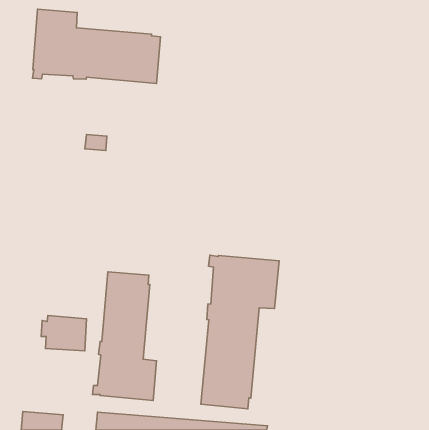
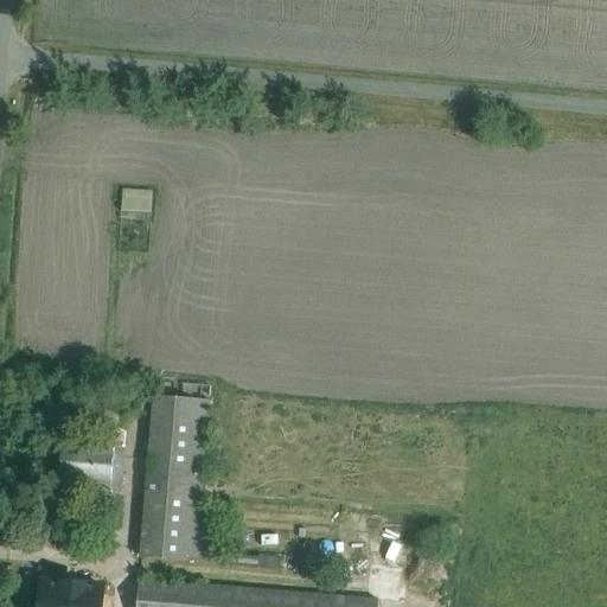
building: [32,9,161,83] -> none
building: [201,255,279,409] -> none

